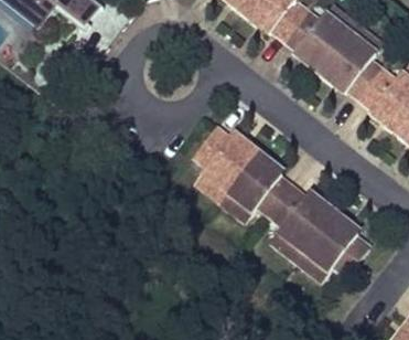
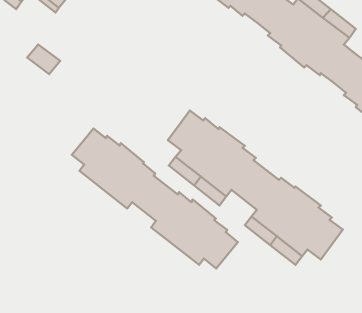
building: none -> [72,128,238,268]

